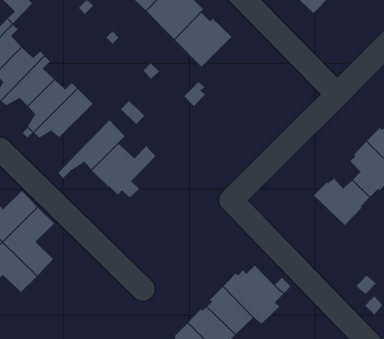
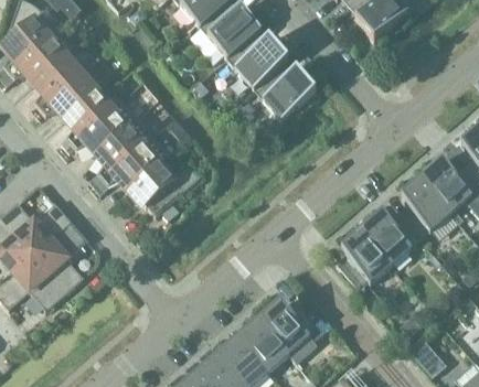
building: none -> [254,57,317,126]
building: none -> [89,117,153,186]
building: none -> [336,229,392,289]

